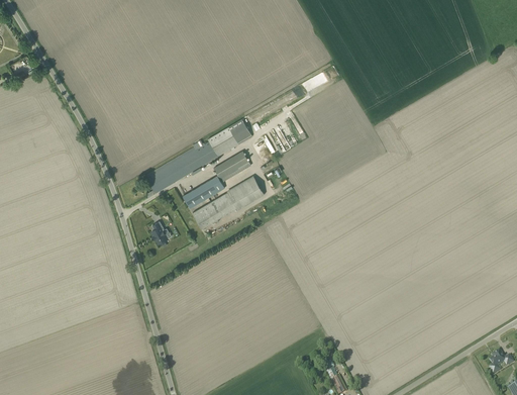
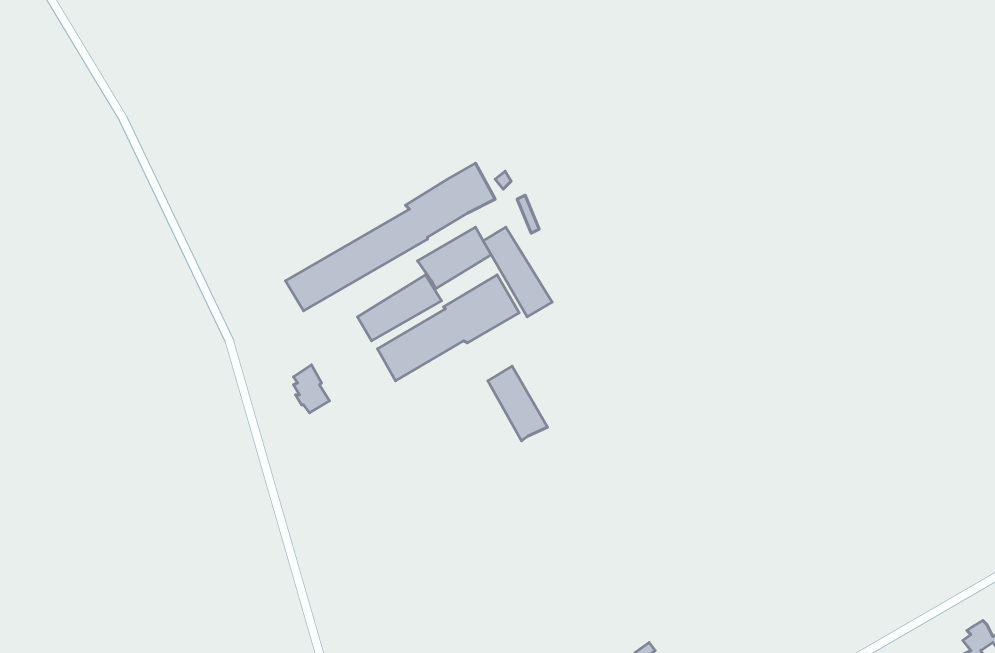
building: none -> [483,227,552,317]
building: none -> [488,366,548,441]

